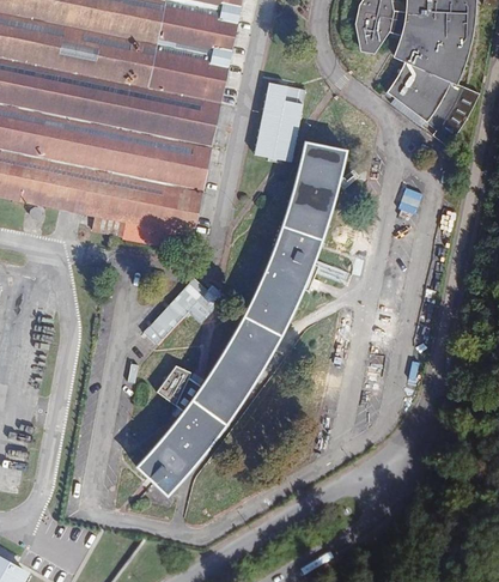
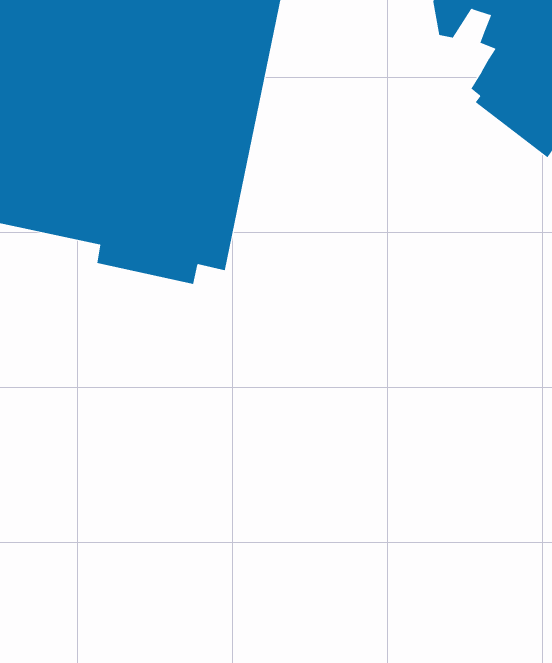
building: [256,80,306,159] -> none
building: [138,140,346,492] -> none

